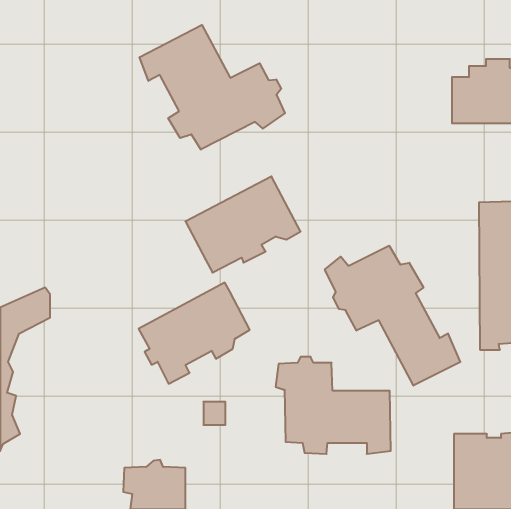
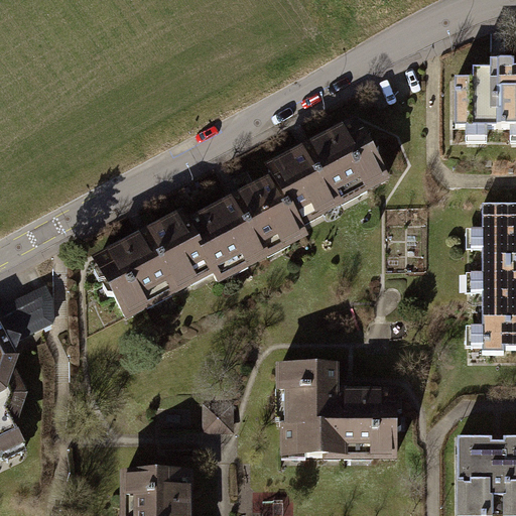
building: [140,25,285,150] -> none
building: none -> [269,122,386,216]
building: [325,246,460,386] -> none
building: [139,283,250,384] -> [96,214,208,315]

